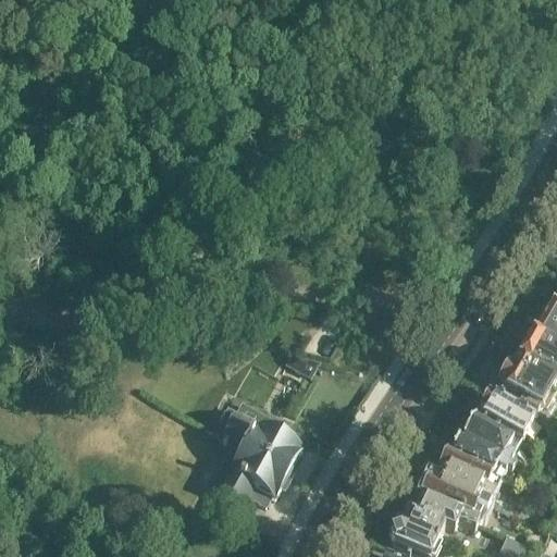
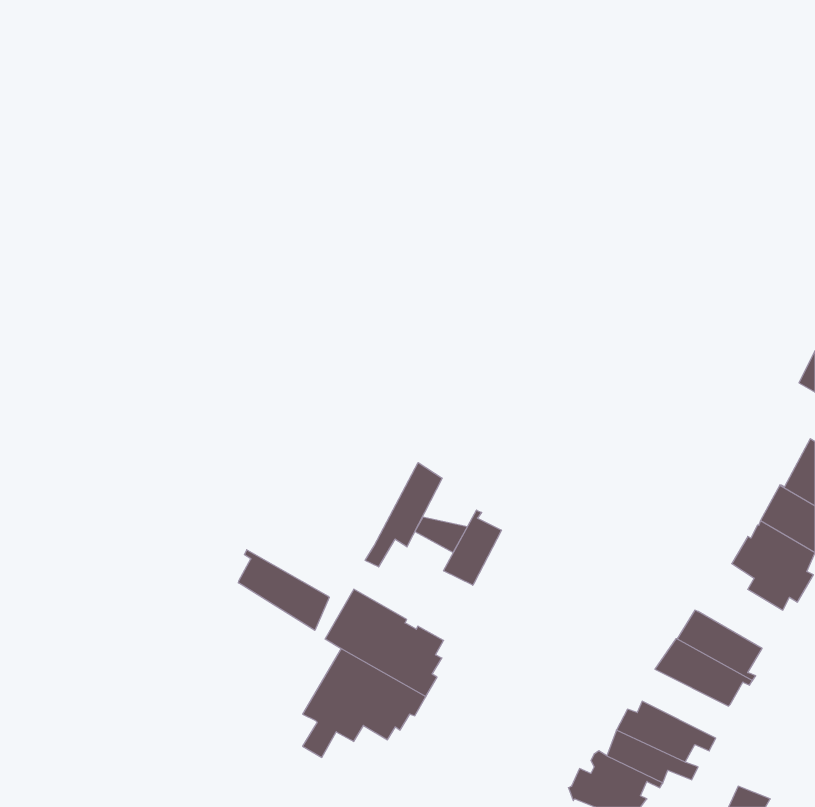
building: none -> [365,463,442,567]
building: none -> [444,510,501,585]
building: none -> [238,550,329,630]
building: [474,393,531,441] -> none
building: [433,455,497,502] -> none

